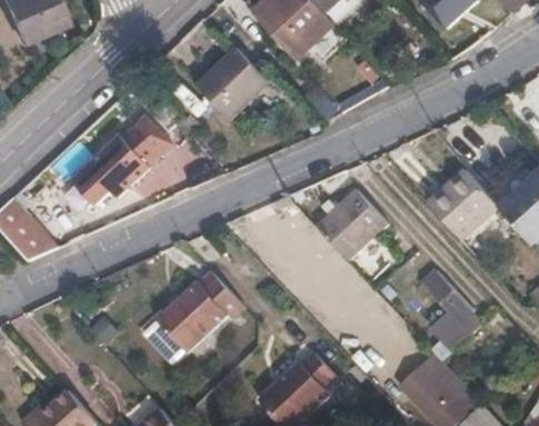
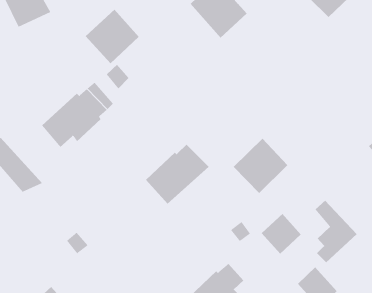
building: [189,43,262,118] -> [85,9,139,64]
building: [429,166,497,235] -> none
building: [151,277,238,359] -> [145,144,210,205]
building: none -> [261,213,302,255]

